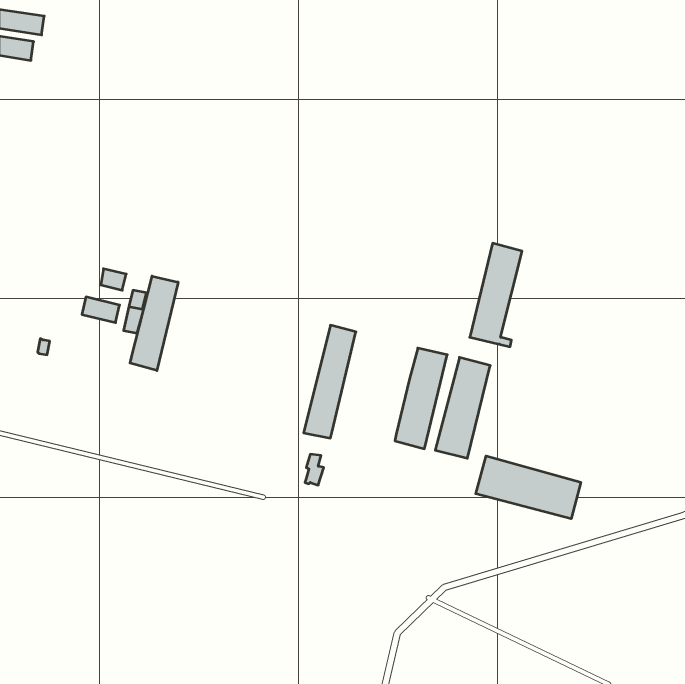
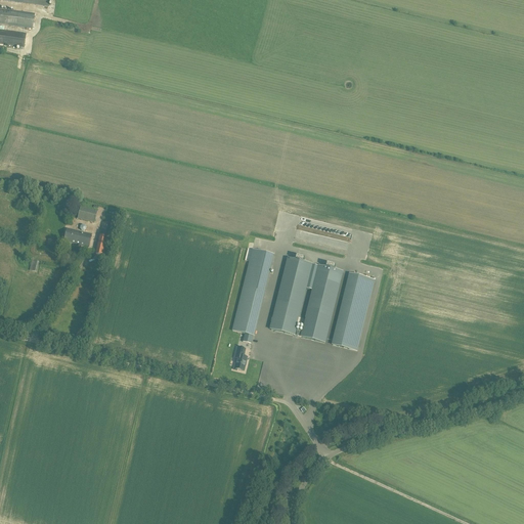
building: [470,243,522,347] -> [270,257,310,336]
building: [130,276,178,371] -> none
building: [476,456,581,519] -> none

